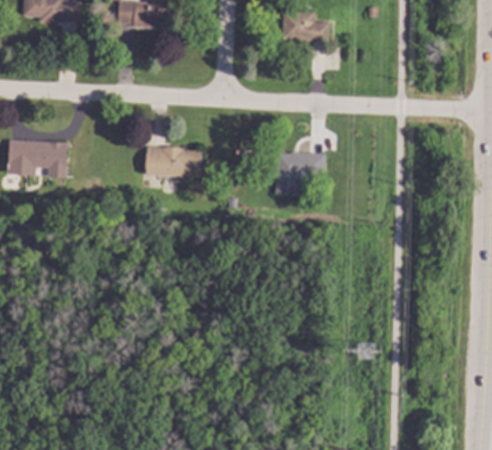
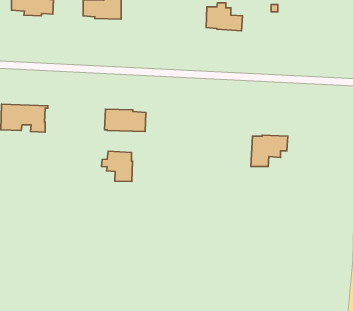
building: [276,152,325,194] -> [251,135,288,167]
building: none -> [101,151,132,182]

